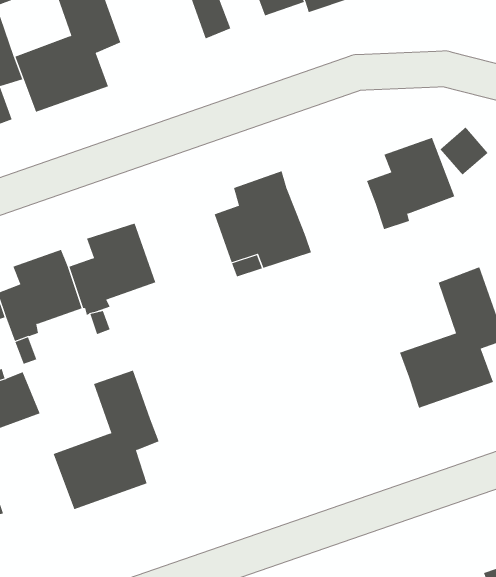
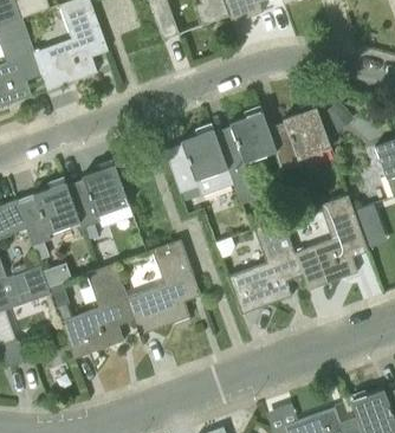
building: none -> [218,111,277,205]
building: none -> [228,219,299,314]
building: none -> [125,239,198,335]

